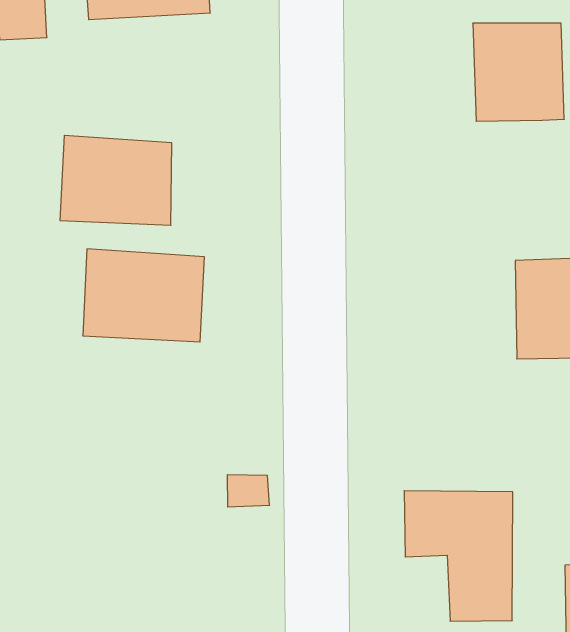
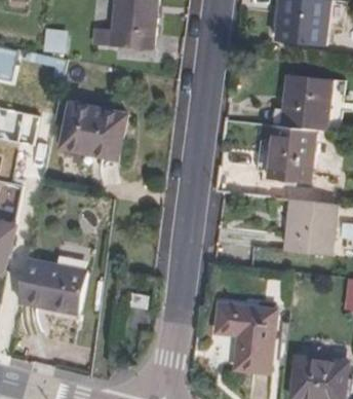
building: none -> [269,124,315,181]
building: [83,249,204,342] -> [19,259,87,315]

